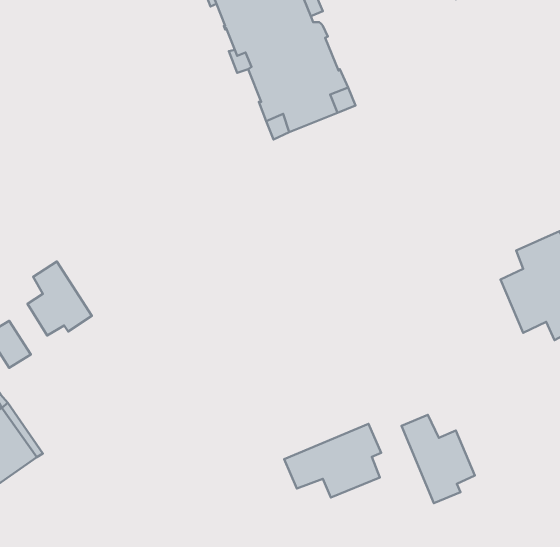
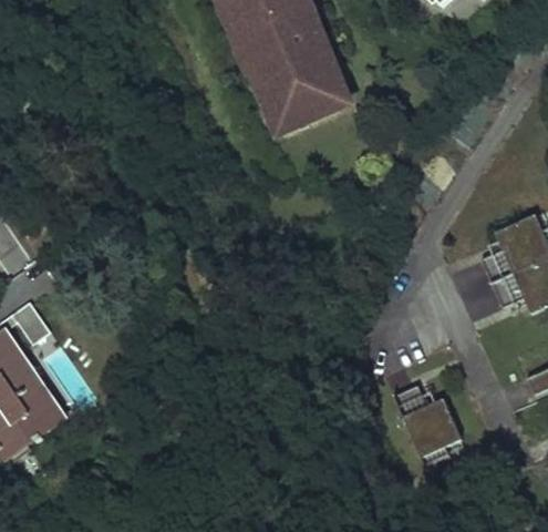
building: [27,261,92,336] -> none
building: [284,424,381,498] -> none

